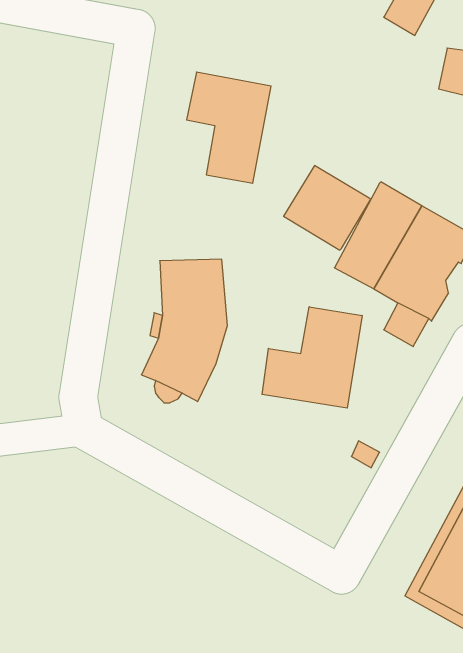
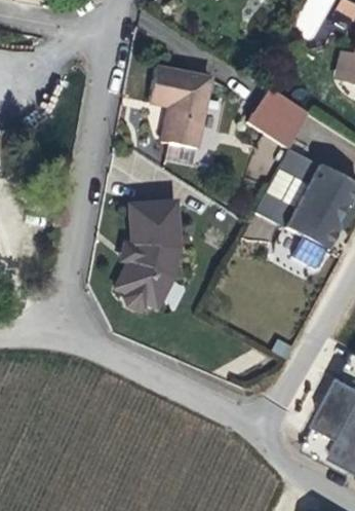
building: [284,166,371,250] -> [248,85,312,147]
building: [262,307,362,408] -> none

